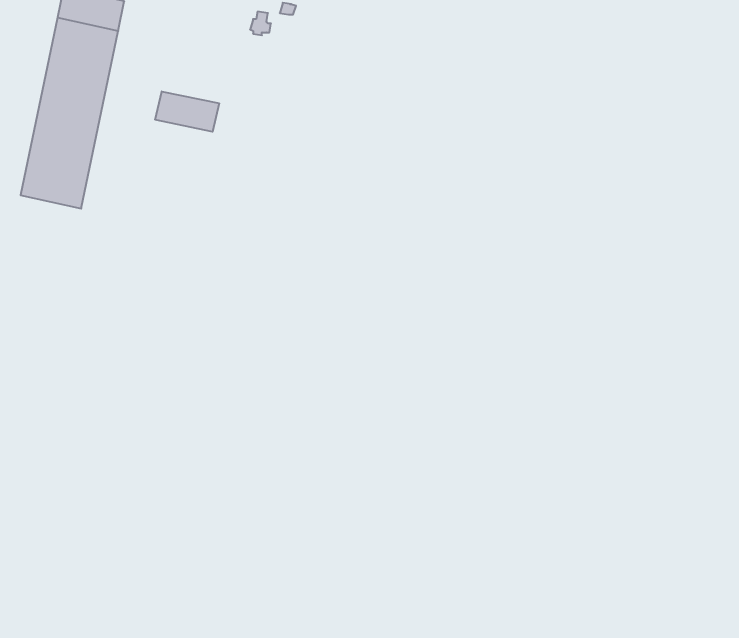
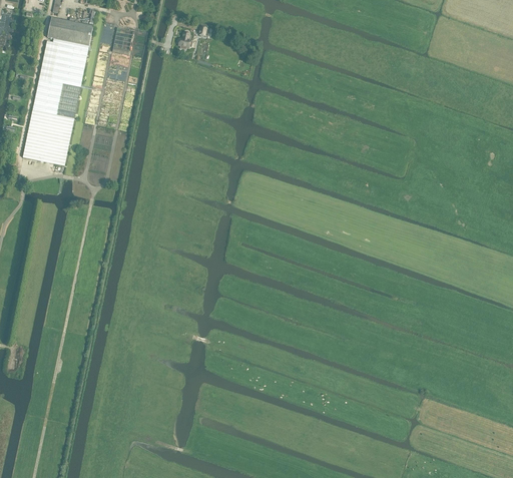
building: [155,91,219,132] -> none

